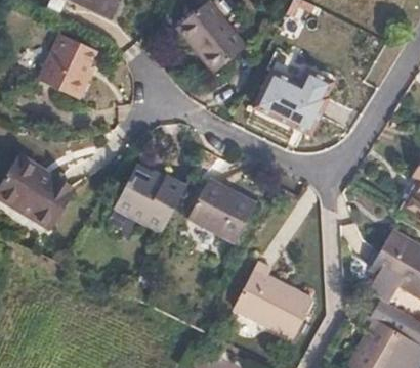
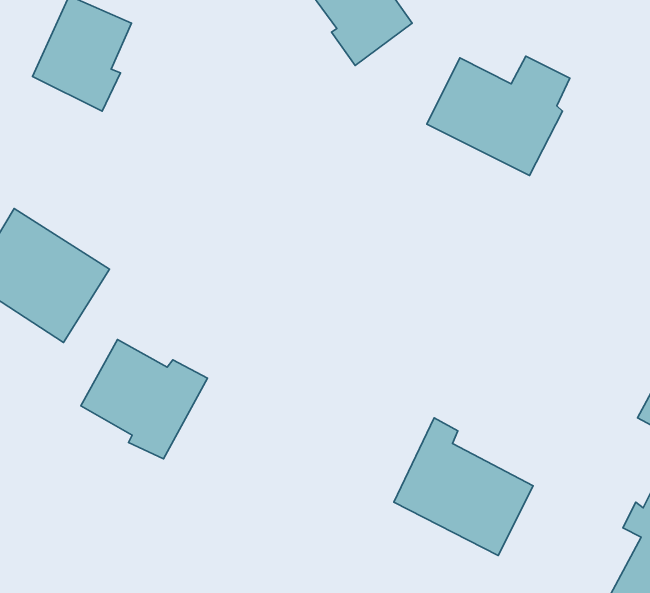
building: [114,168,184,234] -> [81,340,208,459]
building: [188,184,253,246] -> none

